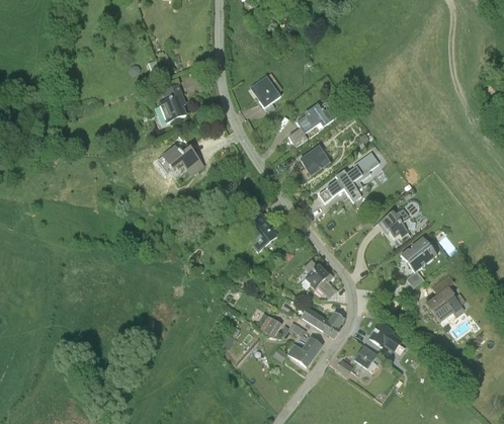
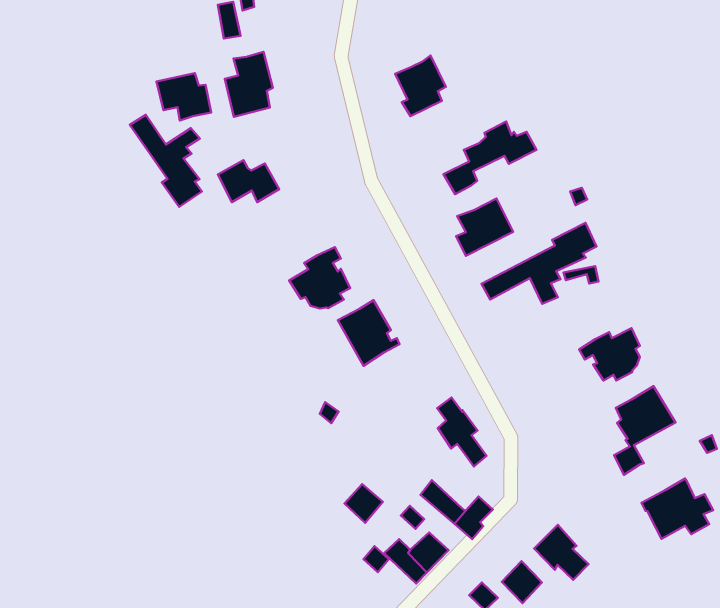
building: none -> [157,73,211,120]
building: none -> [130,115,202,207]
building: none -> [289,247,350,308]

